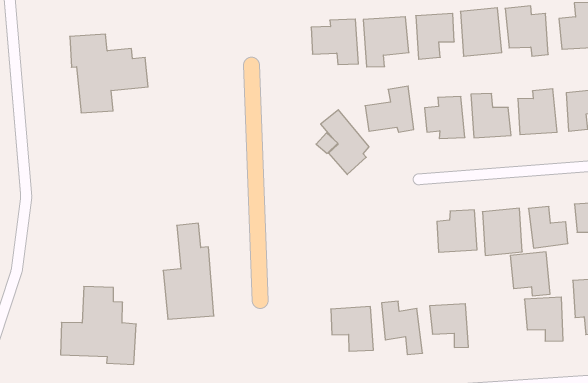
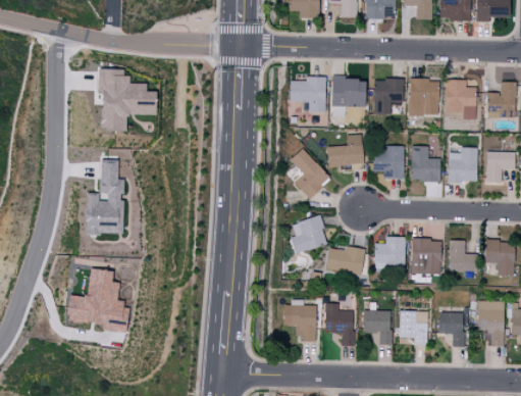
building: none -> [291,216,328,255]
building: [163,223,214,319] -> [87,160,124,235]
building: none -> [326,247,365,275]
building: [510,252,550,296] -> [400,311,428,345]

